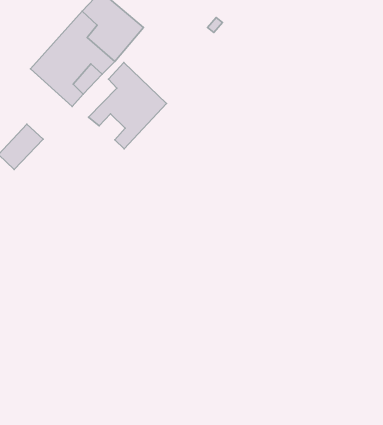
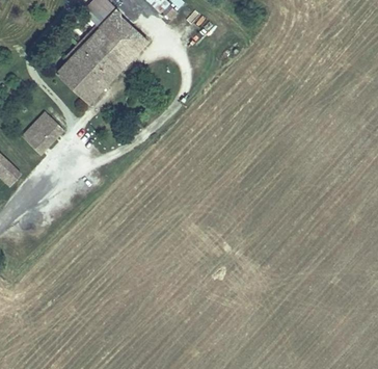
building: [89,63,166,149] -> none

